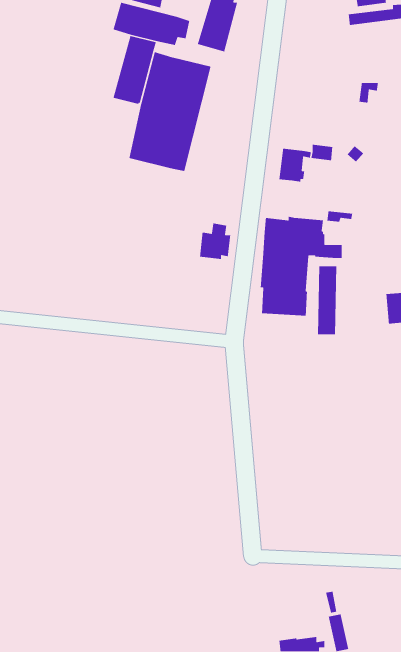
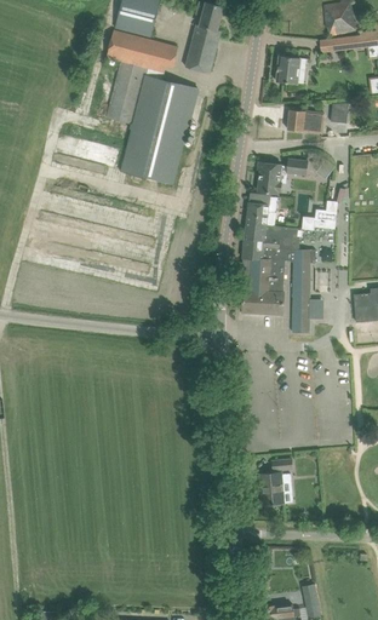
building: none -> [276,56,305,84]
building: none -> [287,109,323,134]
building: [199,222,231,260] -> [245,194,274,228]
building: none -> [260,459,293,505]

